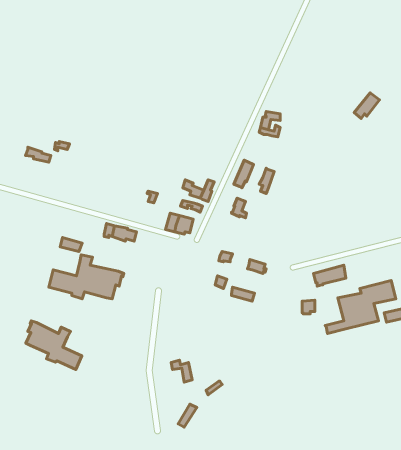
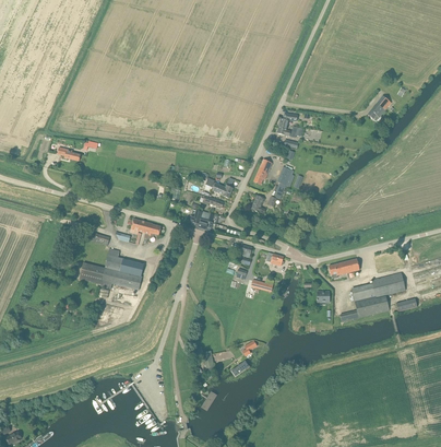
building: [26,321,82,369] -> none

